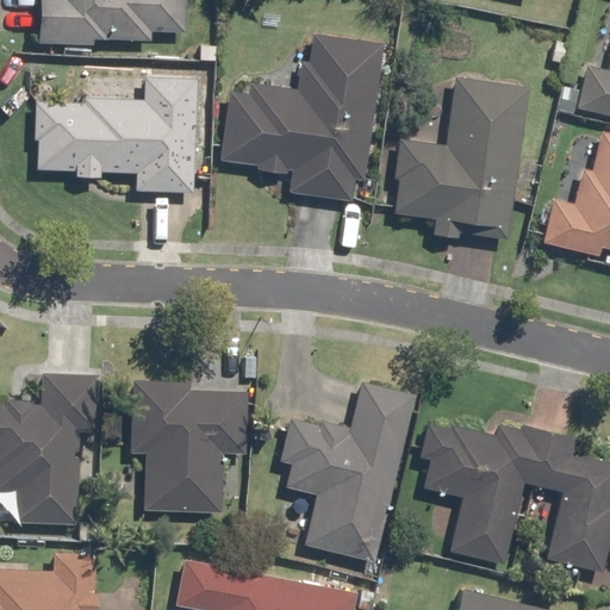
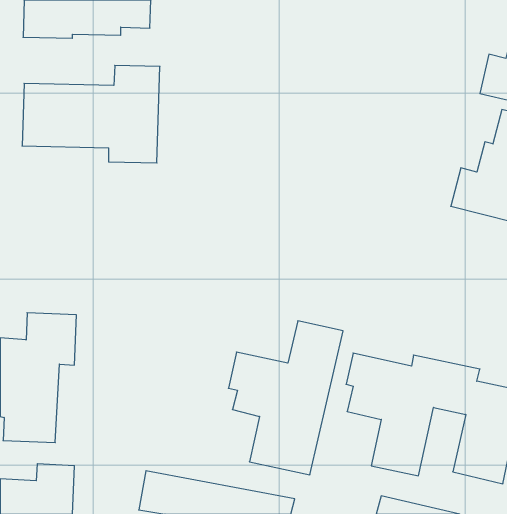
building: [218,32,385,203] -> none
building: [388,76,529,244] -> none
building: [130,379,245,511] -> none

